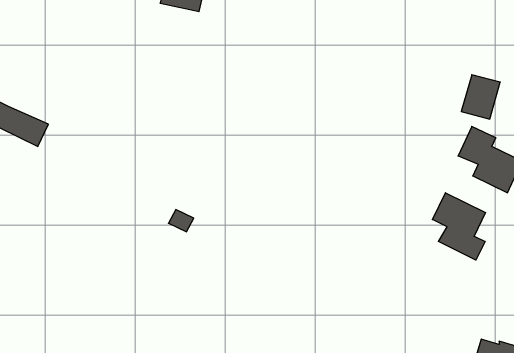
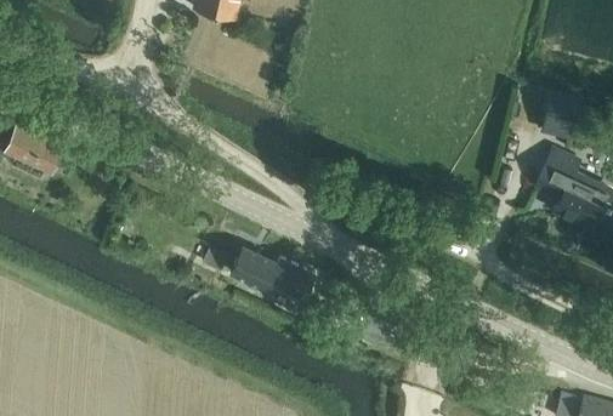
building: [432,193,486,260] -> none
building: none -> [228,246,316,300]

